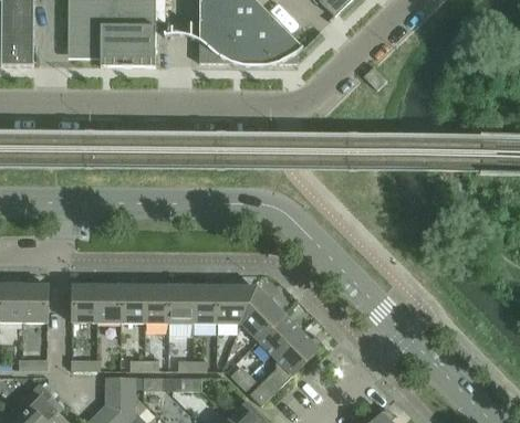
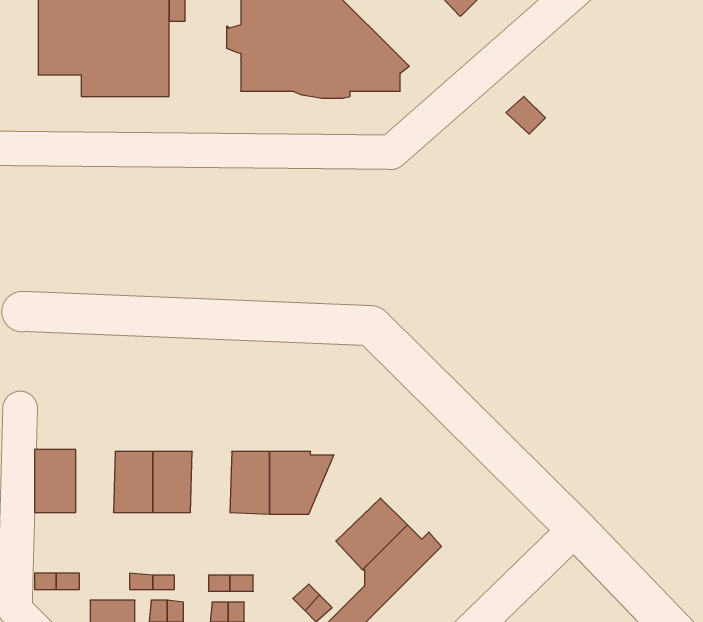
building: [97,284,122,322] -> none
building: [168,285,194,336] -> none
building: [241,287,285,340] -> none

